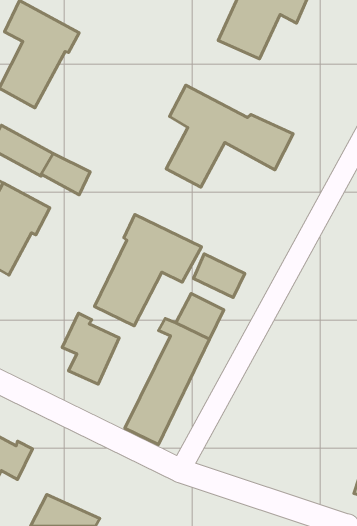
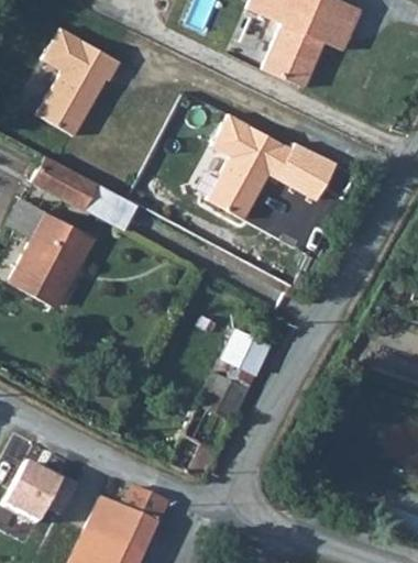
building: [94,215,201,326] -> none
building: [193,254,245,297] -> none
building: [62,313,119,384] -> none
building: none -> [88,486,167,553]

